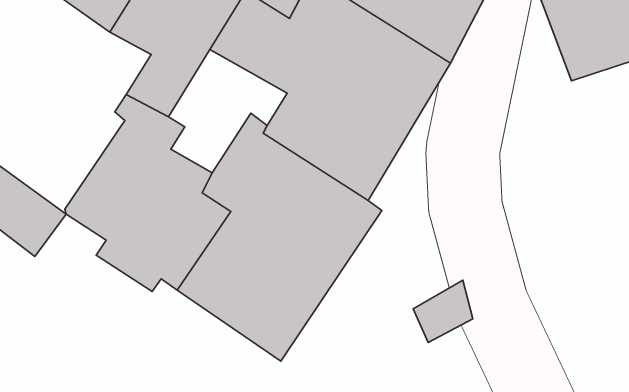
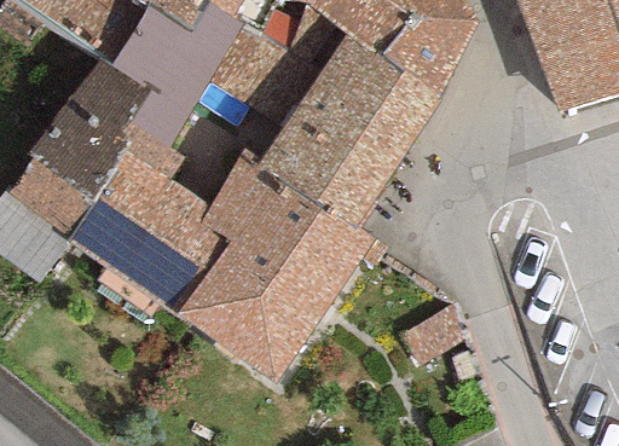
building: none -> [11,53,151,233]

